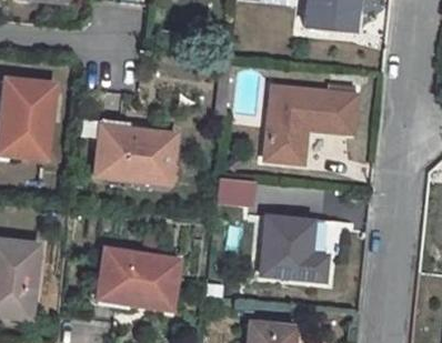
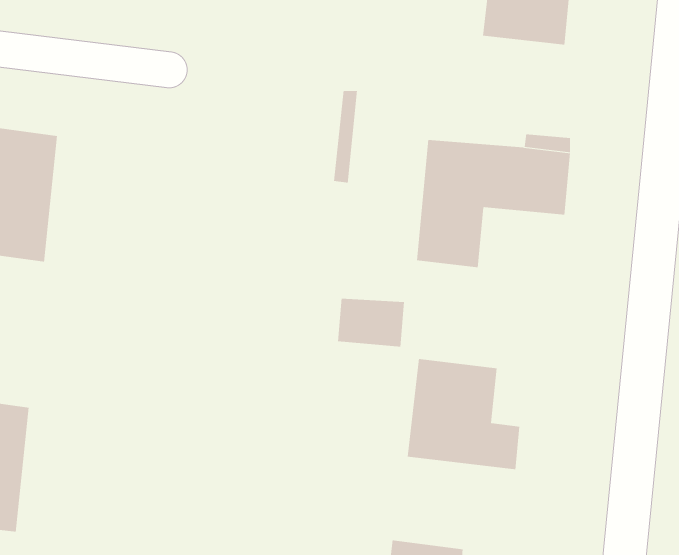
building: [96,120,175,181] -> none
building: [99,249,180,310] -> none

